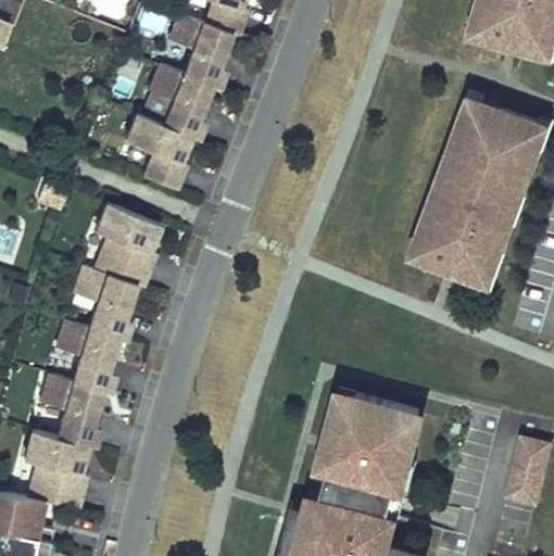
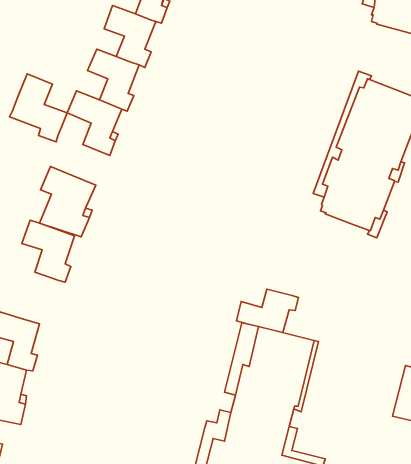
building: none -> [10,74,67,142]
building: [54,320,116,393] -> none
building: none -> [236,289,299,332]

